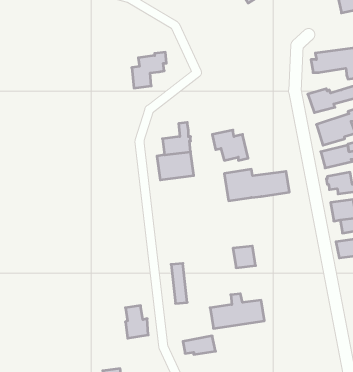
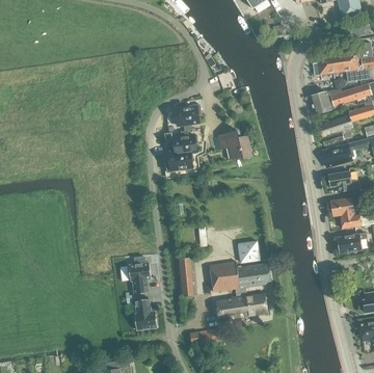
building: [132,52,166,88] -> [167,104,201,138]
building: [224,169,289,201] -> [209,261,271,291]
building: none -> [128,262,151,293]

